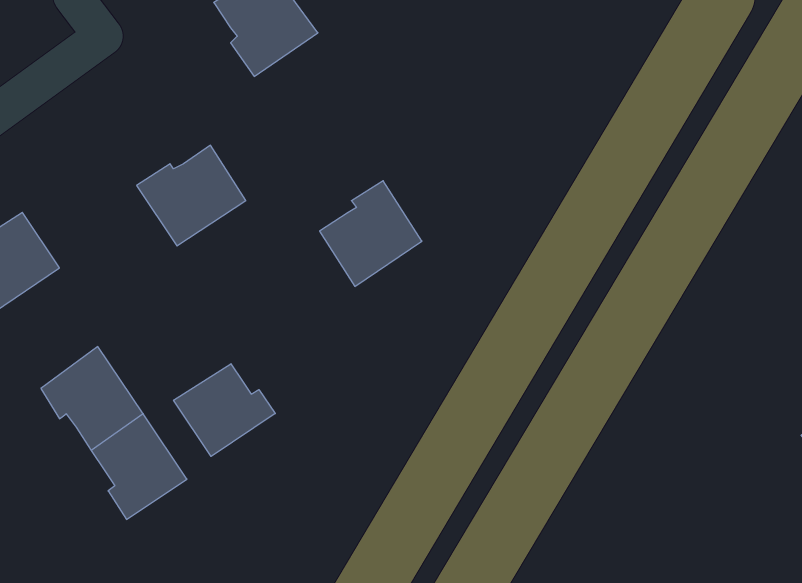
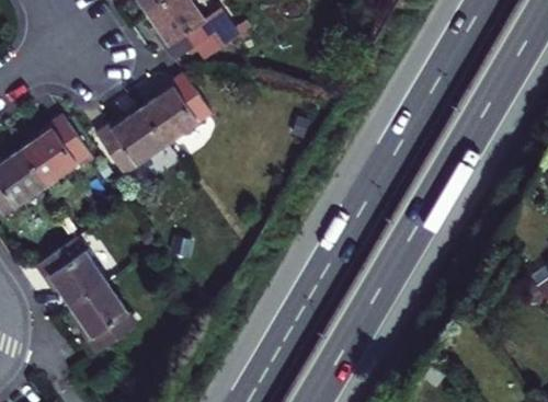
building: none -> [24,114,93,184]
building: [320,181,422,286] -> [147,71,214,140]
building: [174,364,275,456] -> none

